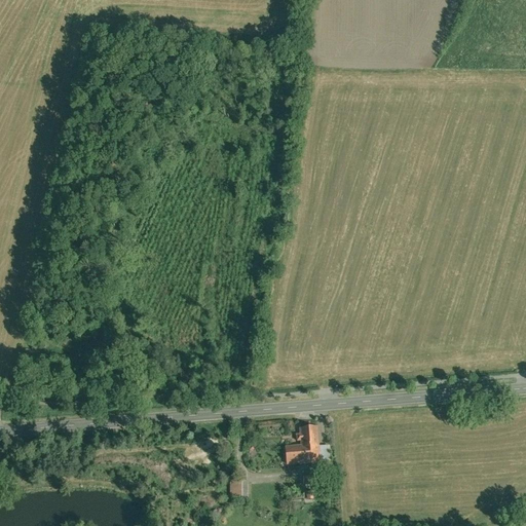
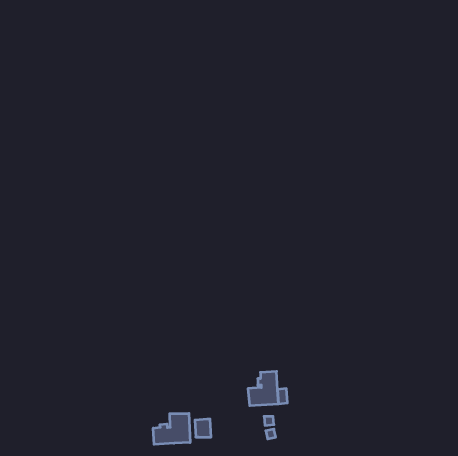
building: none -> [153,413,190,444]

